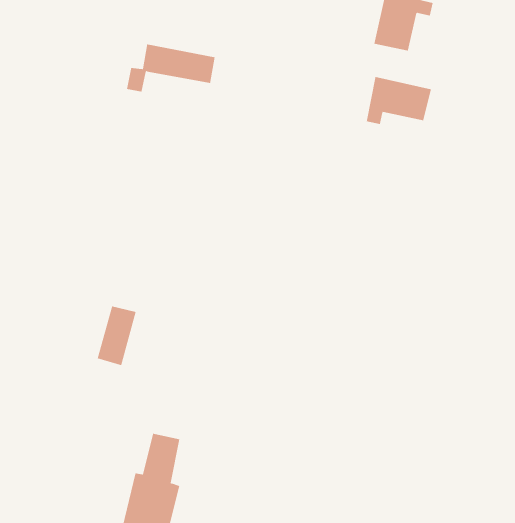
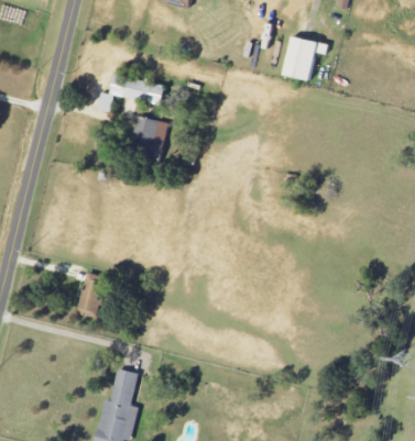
building: [366,76,431,125] -> none
building: none -> [129,115,167,154]

